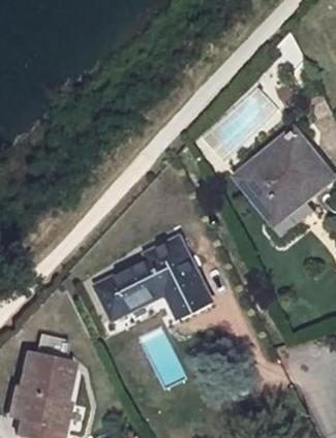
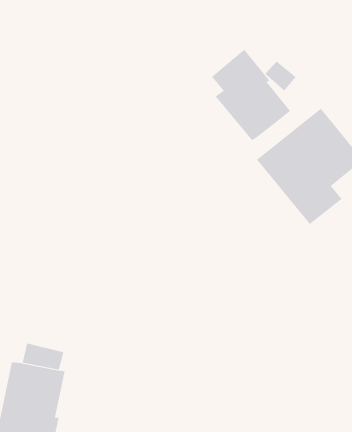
building: none -> [211,49,291,141]
building: [98,239,209,317] -> none

